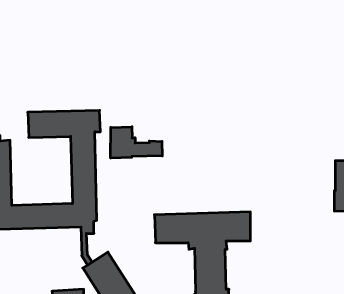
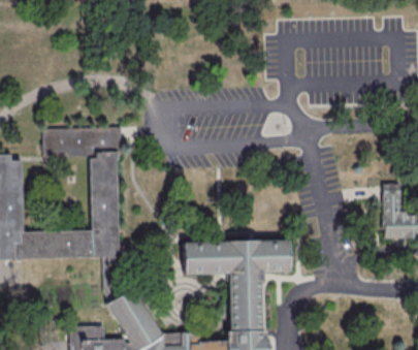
building: [111,127,162,158] -> none

